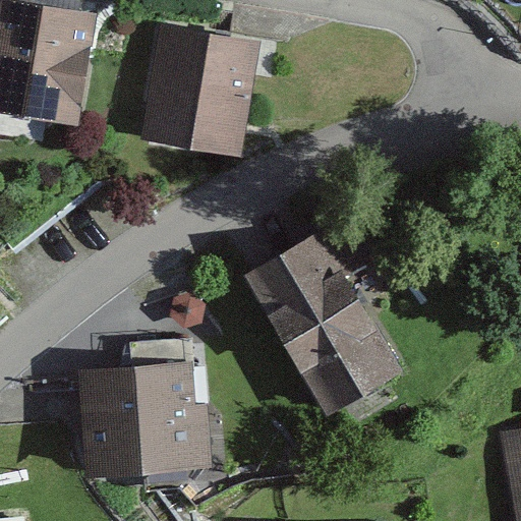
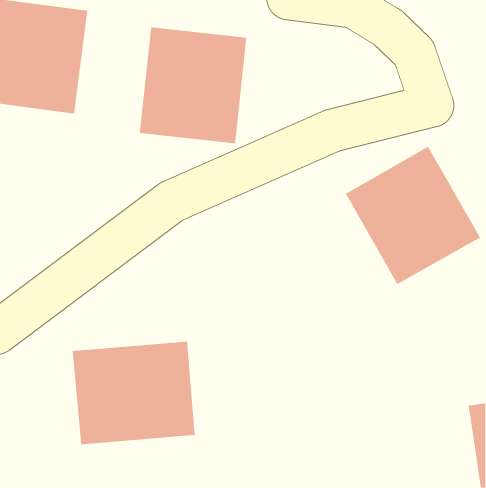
building: none -> [345,146,481,285]
building: [239,216,410,423] -> none

